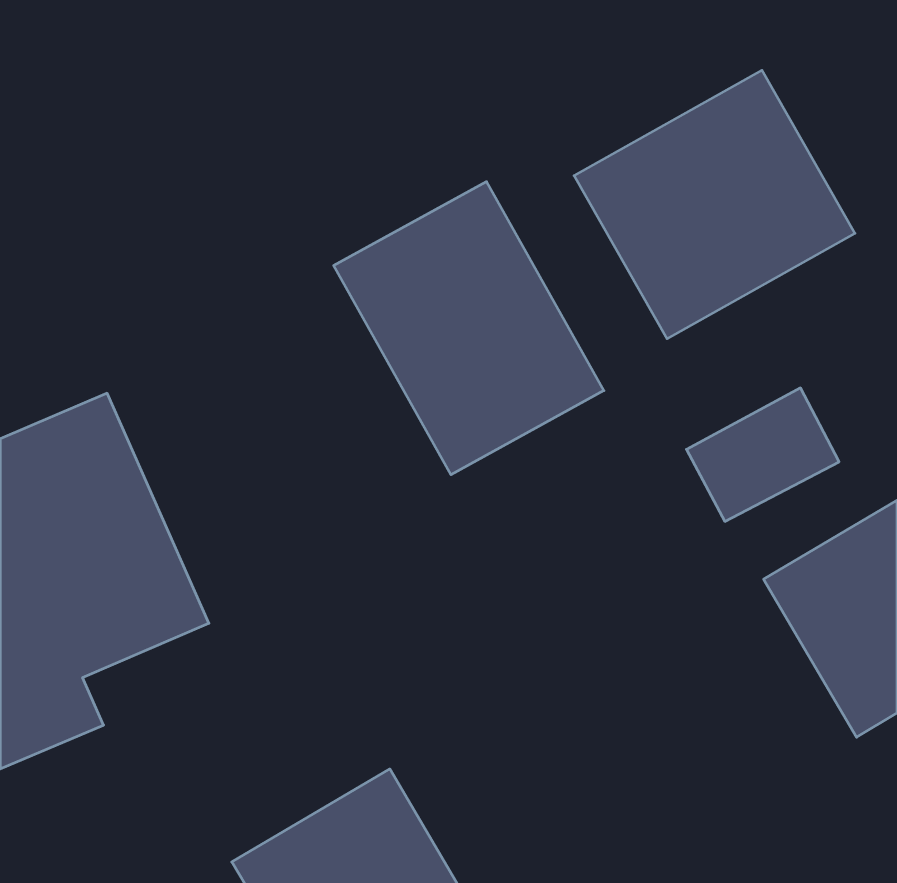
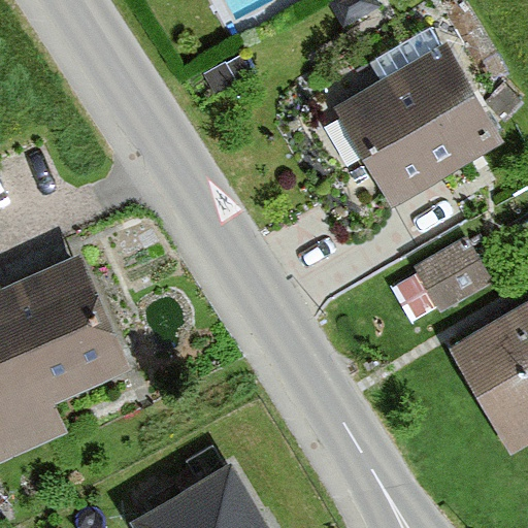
building: [334,182,604,475] -> none

